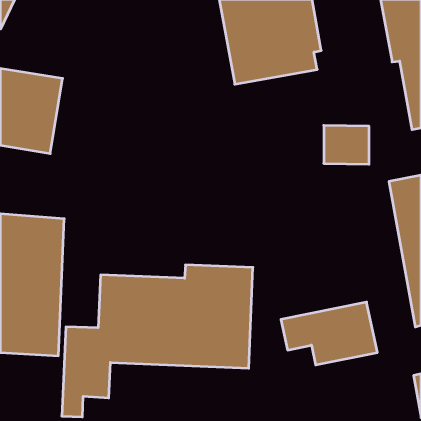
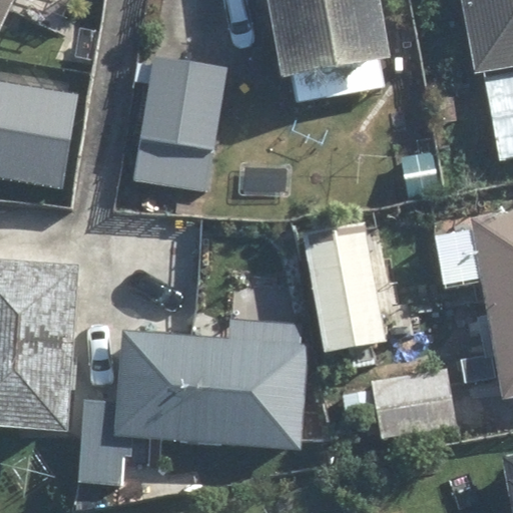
building: none -> [131,52,227,192]
building: none -> [303,220,383,351]

